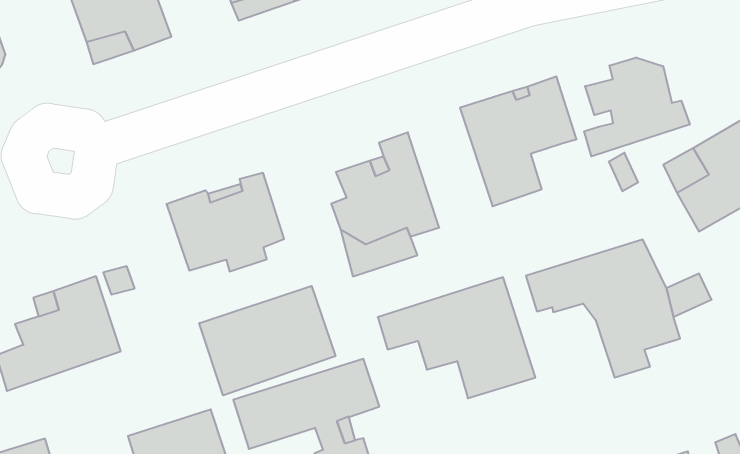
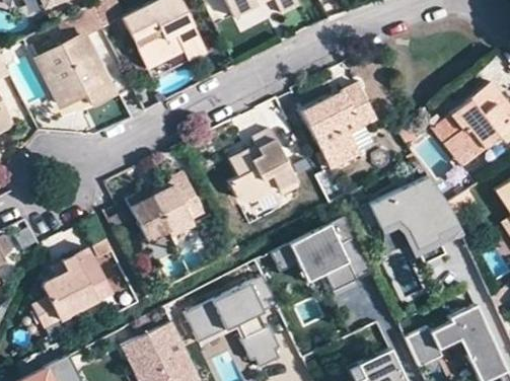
building: [584,57,690,156] -> none
building: [199,286,335,395] -> none

